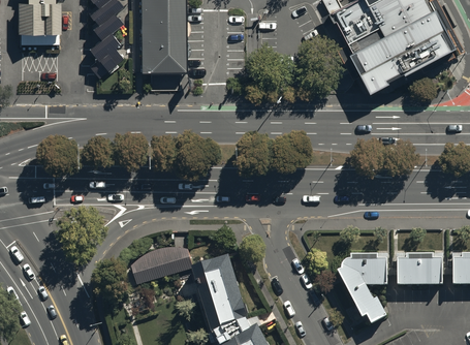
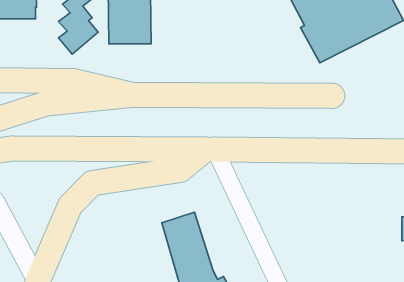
building: [132,248,195,286] -> none
building: [399,254,443,285] -> none
building: [339,256,388,323] -> none

